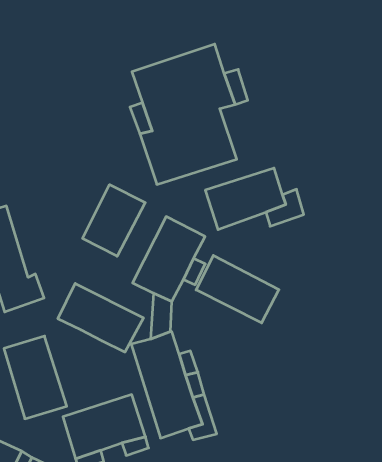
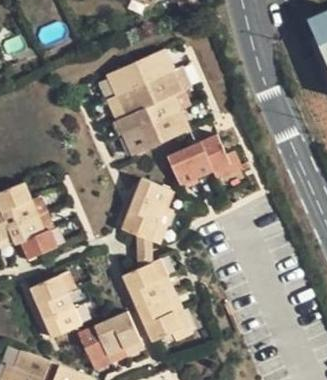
building: [83,185,145,256] -> none
building: [196,255,279,323] -> none
building: [58,283,143,352] -> none

